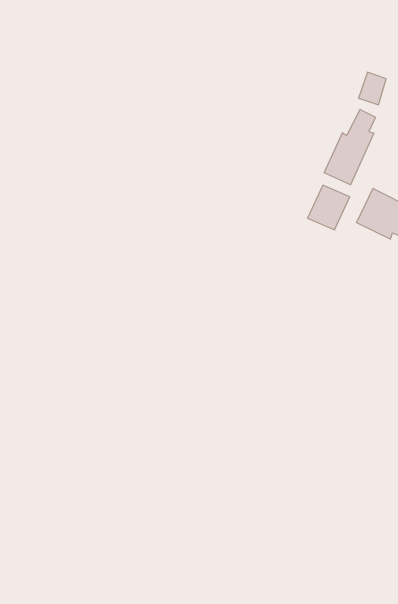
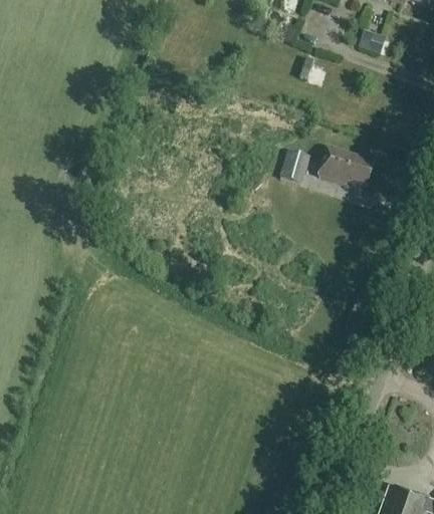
building: [324,109,376,185] -> none

